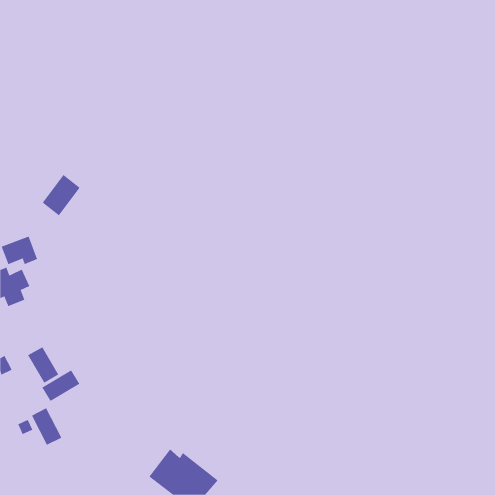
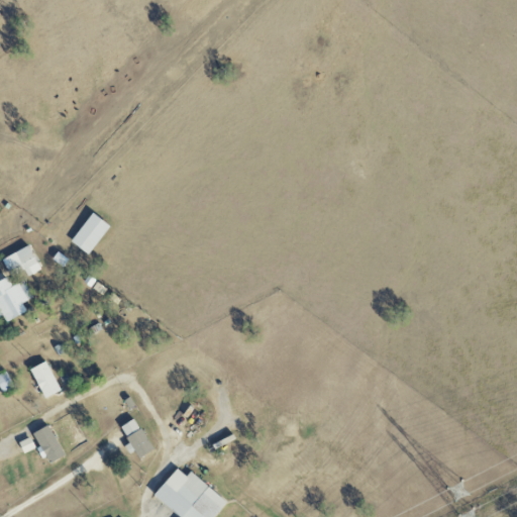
building: [42,174,81,216] -> [70,211,110,254]
building: [41,370,80,402] -> none
building: none -> [119,417,154,458]

